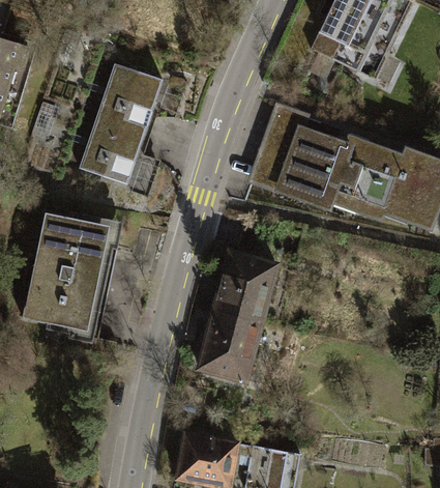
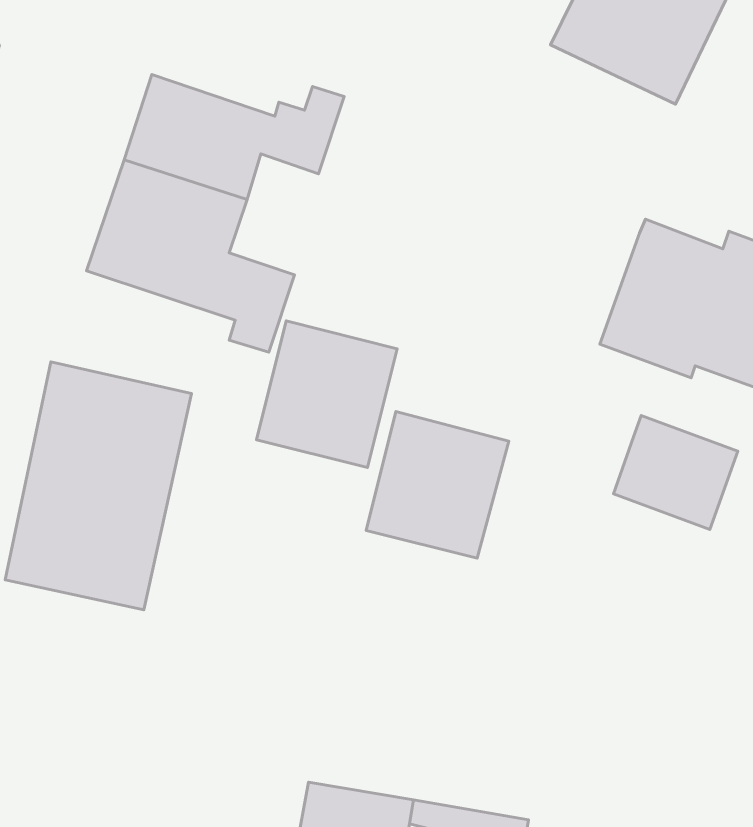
building: [252,106,357,212] -> none
building: none -> [613,416,738,529]
building: [199,302,272,378] -> [257,321,397,468]

